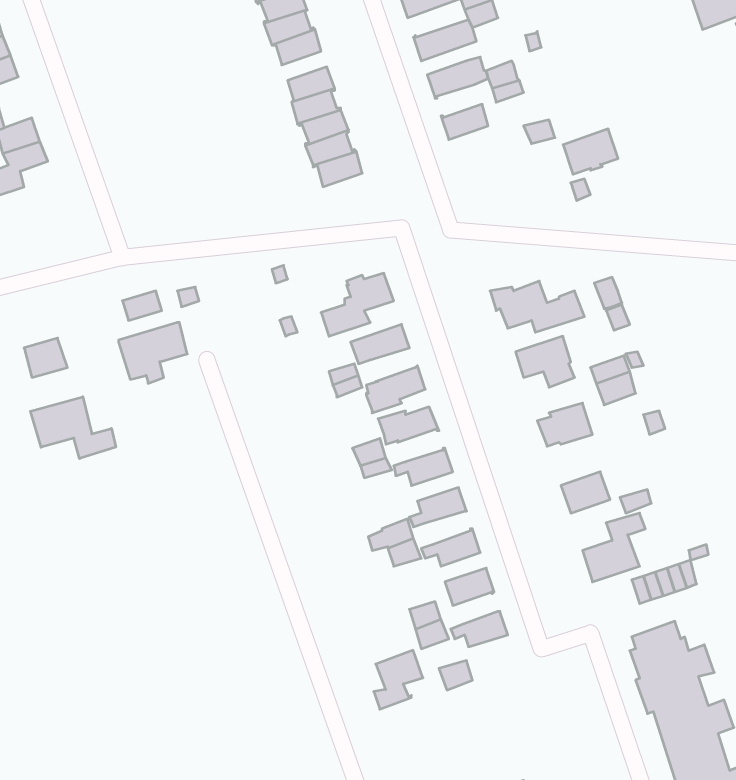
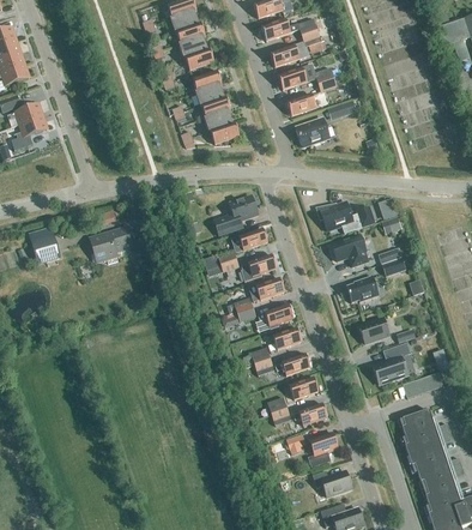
building: [563,129,618,174] -> [296,119,329,146]
building: [30,397,116,459] -> none
building: [374,650,423,709] -> [308,432,338,468]
building: none -> [313,470,351,496]

